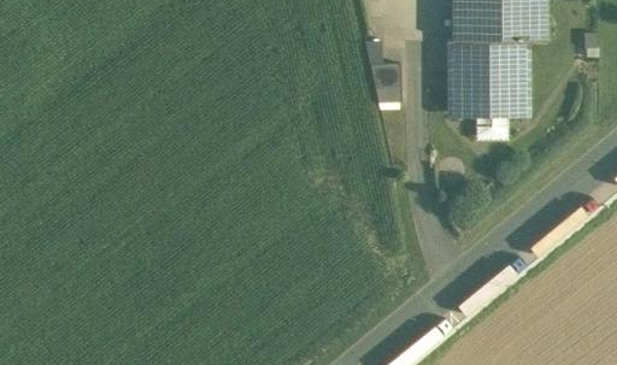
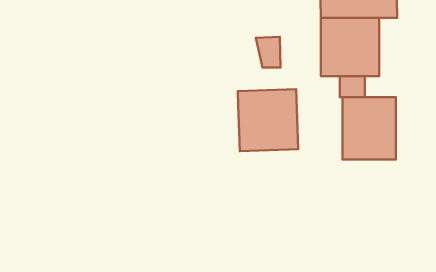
building: none -> [238,89,298,151]
building: none -> [342,97,396,159]

